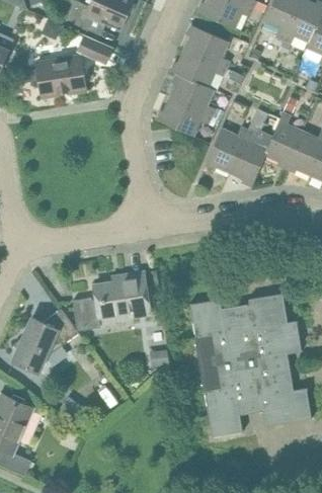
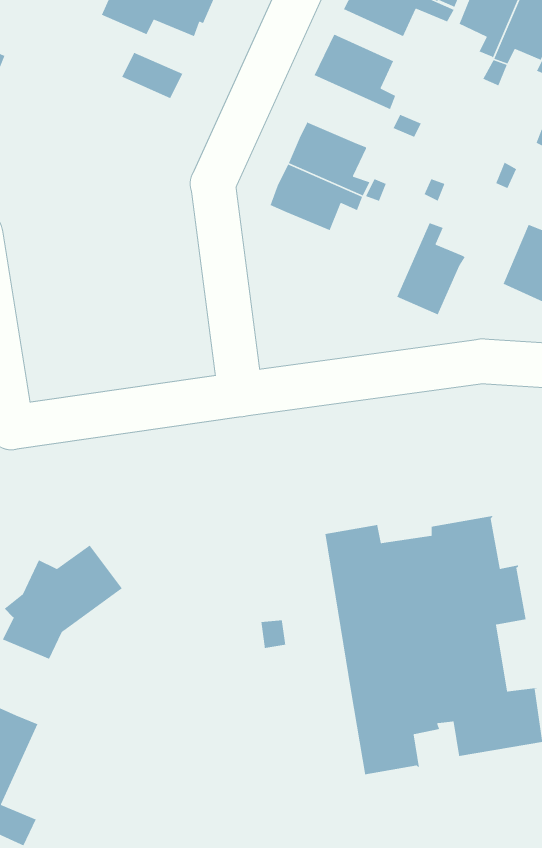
building: [174,49,227,86] -> none
building: [36,55,86,96] -> none
building: [265,111,303,164] -> none
building: [207,126,248,171] -> none
building: [73,271,151,331] -> none

